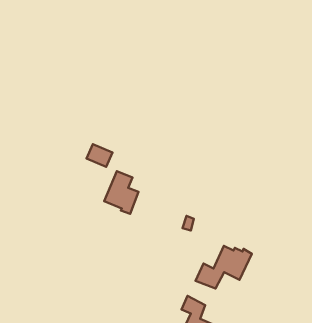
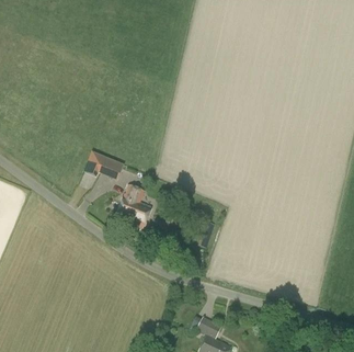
building: [195,246,252,289] -> none

